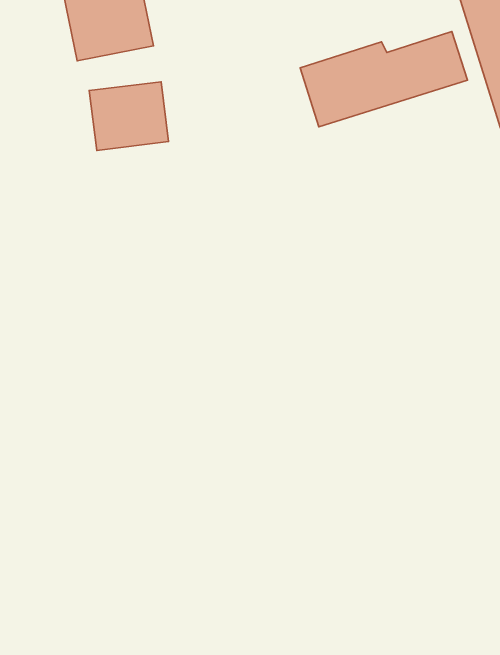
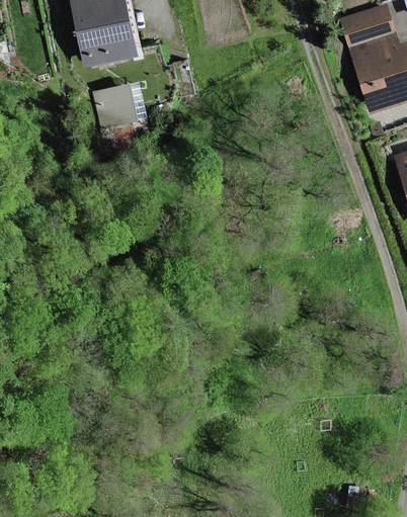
building: [300,32,467,127] -> none

